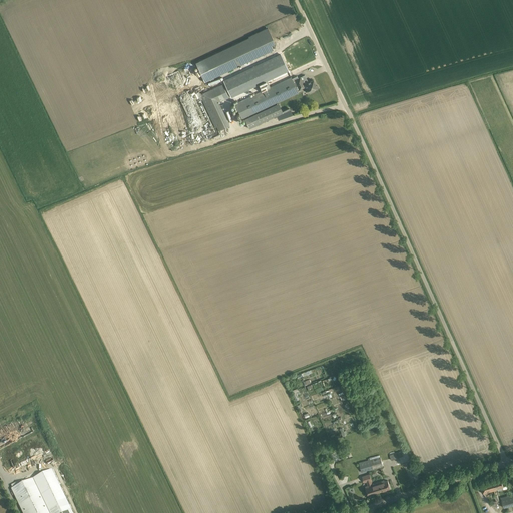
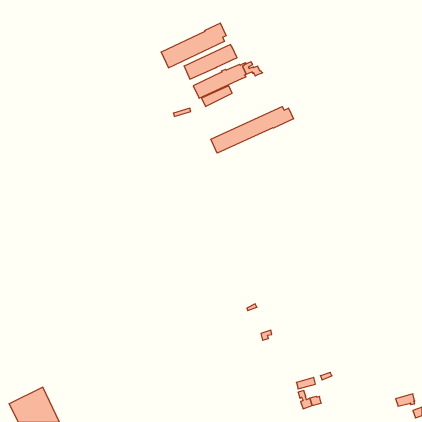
building: [194,84,229,131] -> none
building: none -> [211,107,293,153]

